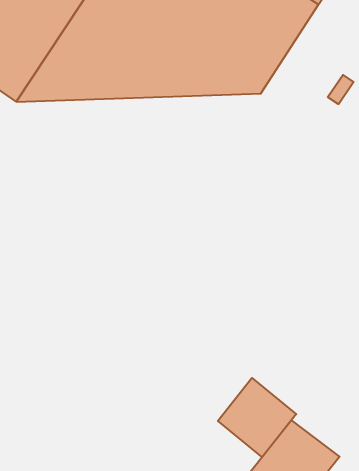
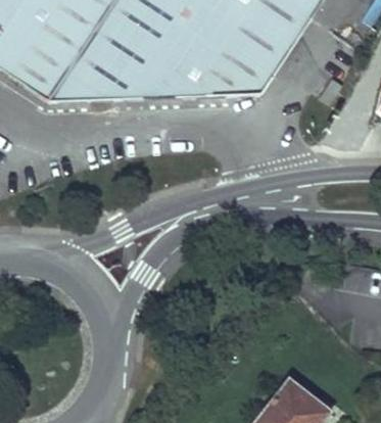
building: [218,378,296,457] -> none

